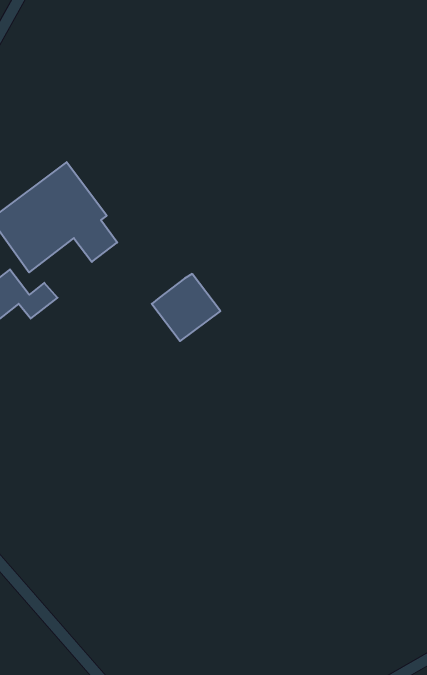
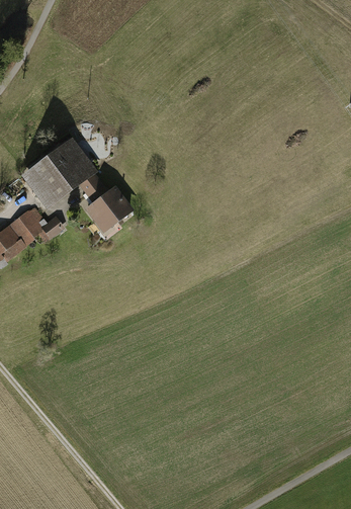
building: [152,274,220,341] -> [84,186,130,232]

